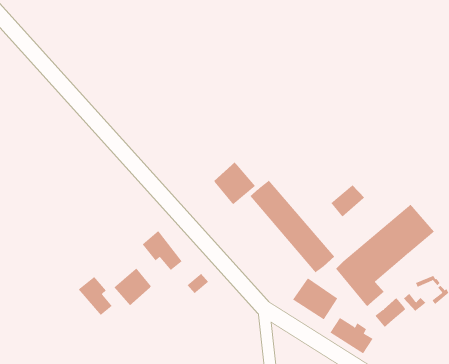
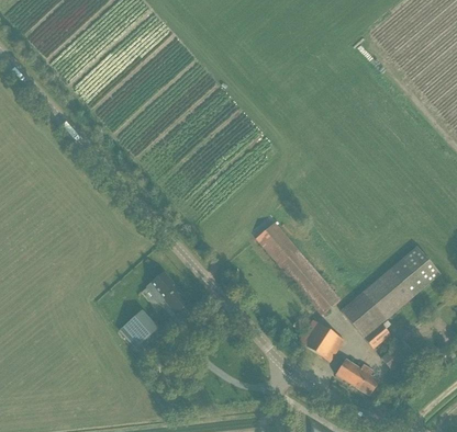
building: [213,162,256,205] -> none
building: [330,184,365,217] -> none
building: [78,276,112,316] -> none

